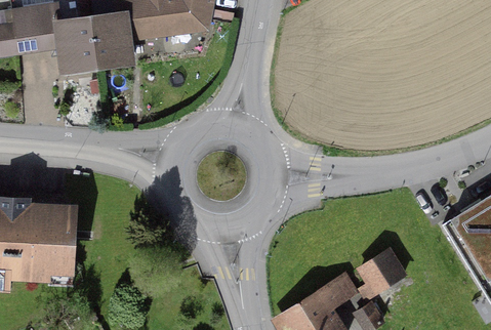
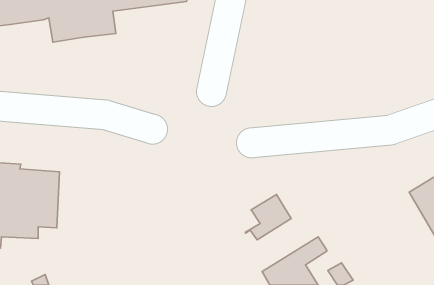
building: [354,250,402,298] -> [245,194,291,240]

